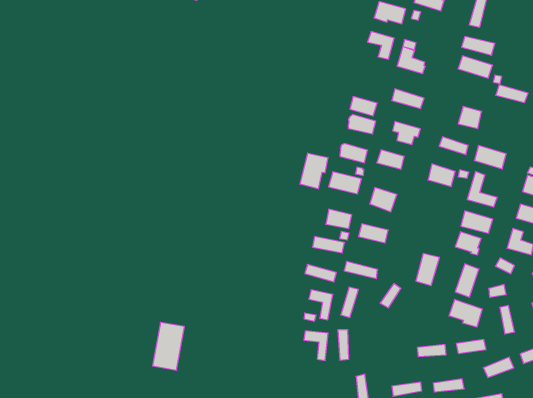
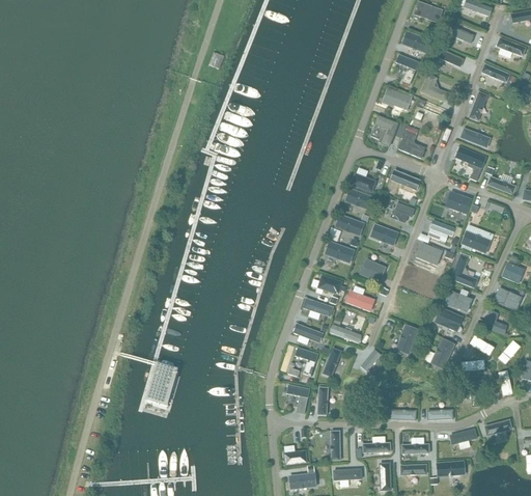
building: [300,153,328,189] -> none
building: [449,299,482,327] -> none

